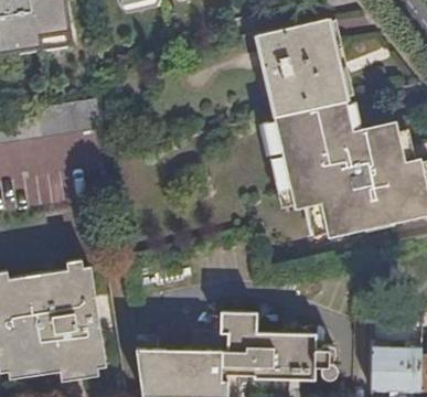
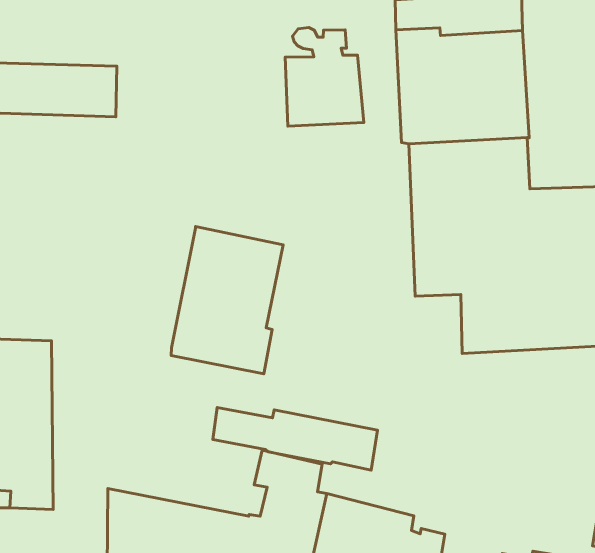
building: none -> [285,27,364,126]
building: none -> [171,226,283,374]
building: none -> [213,408,377,470]

